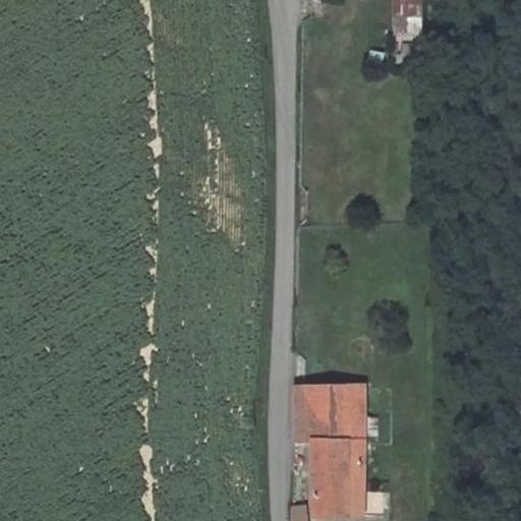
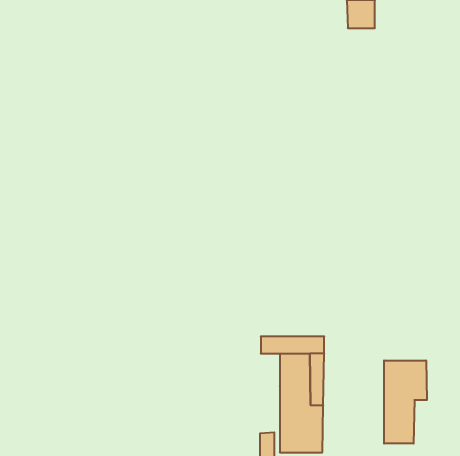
building: [293,405,314,442] -> none
building: none -> [384,360,427,444]

